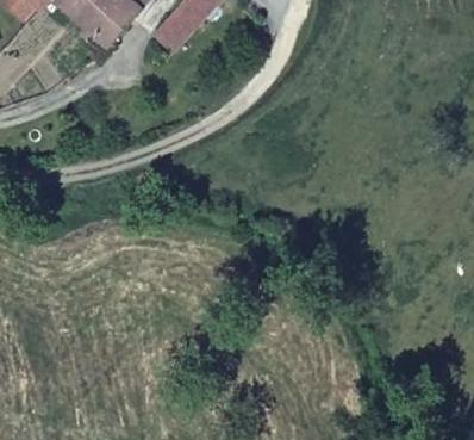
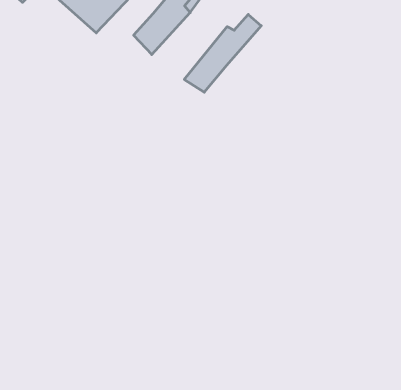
building: none -> [184,14,261,92]

